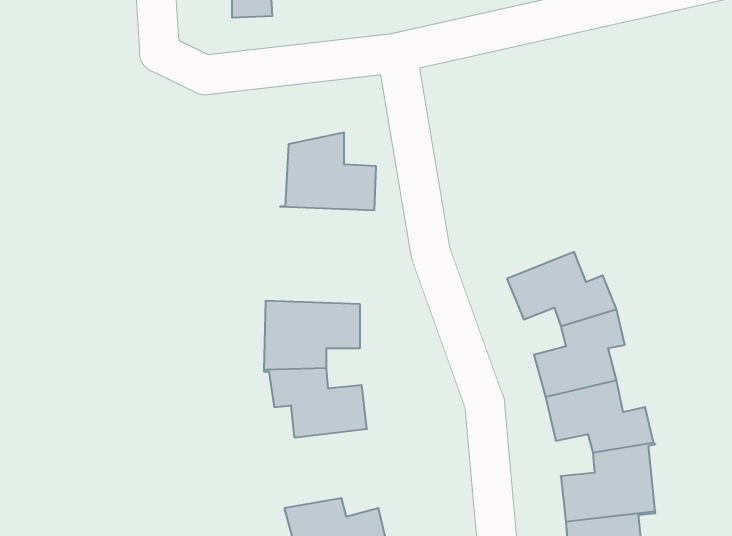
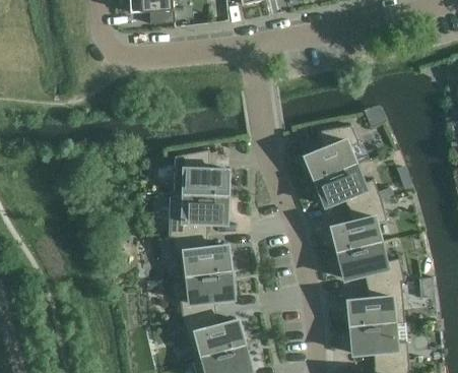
building: [280,132,376,210] -> [170,150,227,197]
building: none -> [305,126,357,182]
building: none -> [179,272,234,320]

